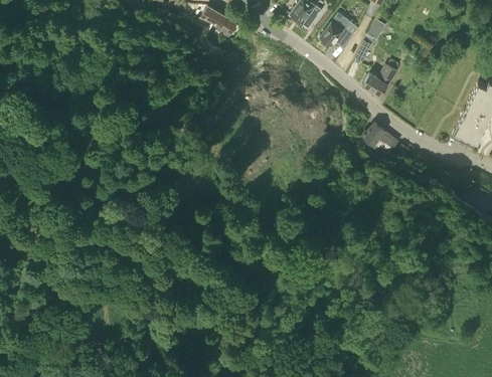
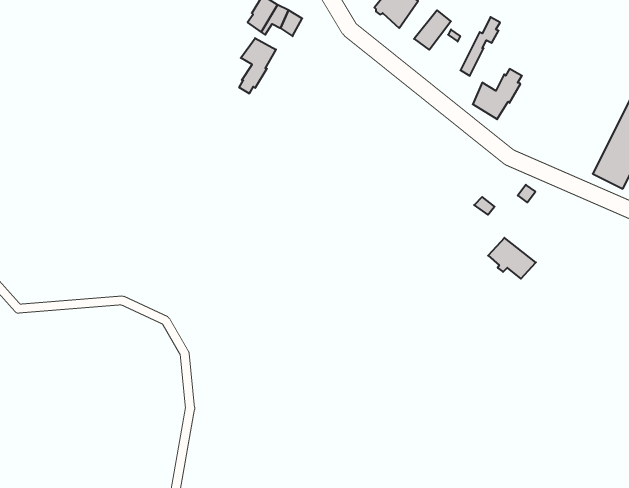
building: none -> [239,38,276,94]
building: [363,123,398,153] -> [488,238,536,279]

